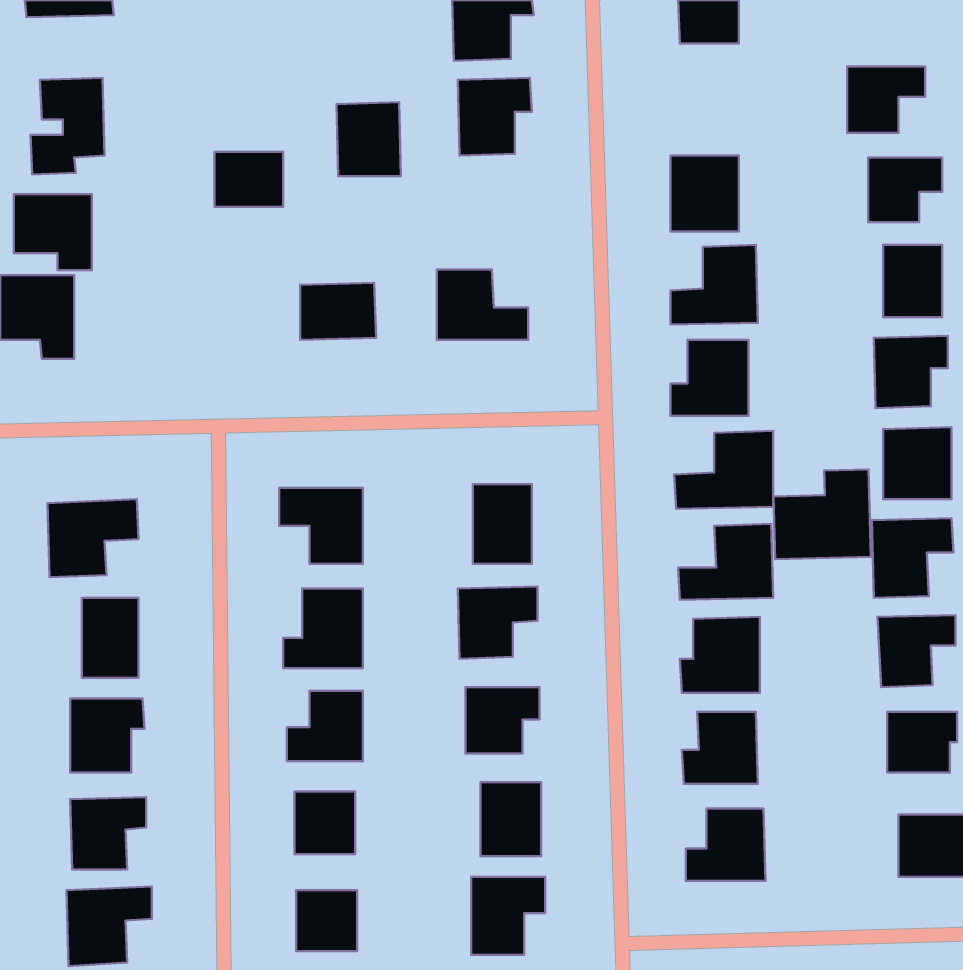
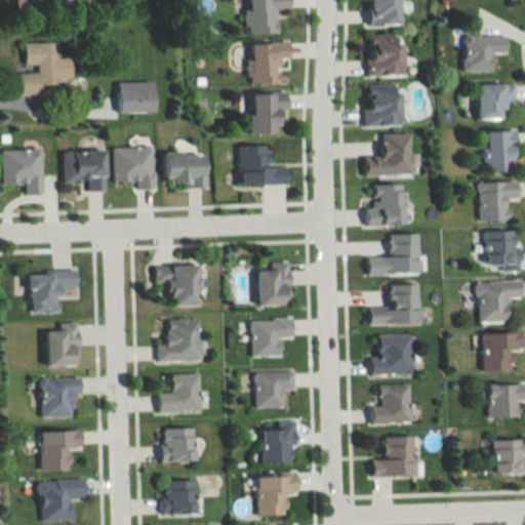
building: none -> [368,33,405,76]
building: [336,102,401,176] -> [252,92,287,132]
building: [14,194,92,270] -> [65,150,107,191]
building: none -> [115,147,156,189]
building: [774,469,871,559] -> none

